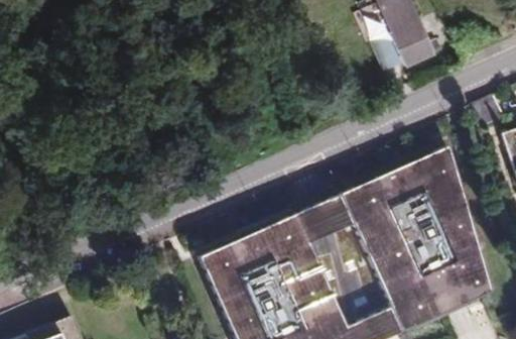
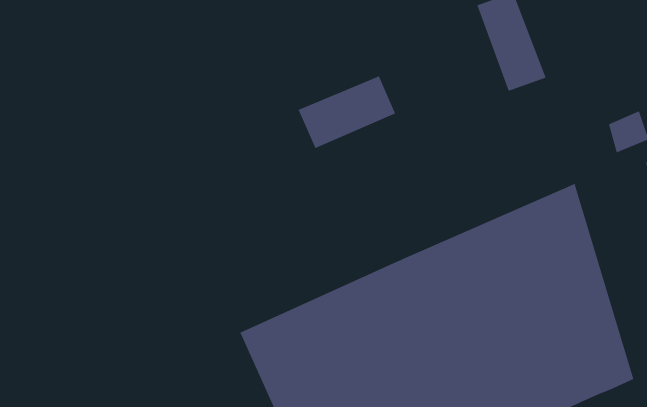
building: none -> [298,75,396,149]

